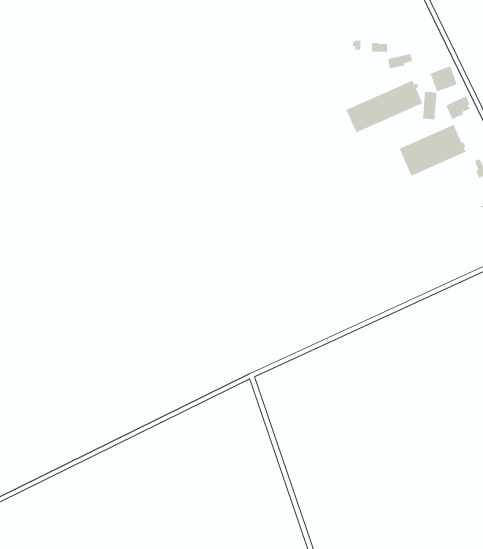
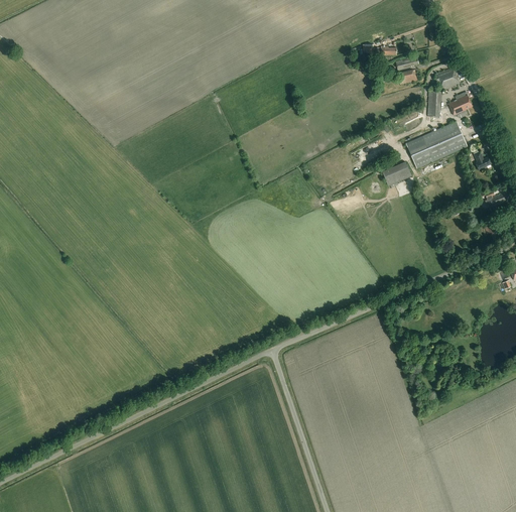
building: [346,80,423,133] -> none
building: none -> [382,161,412,186]

